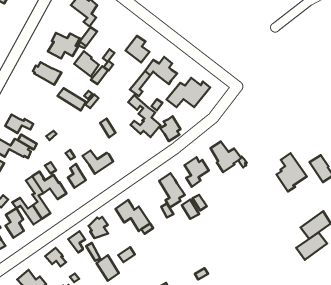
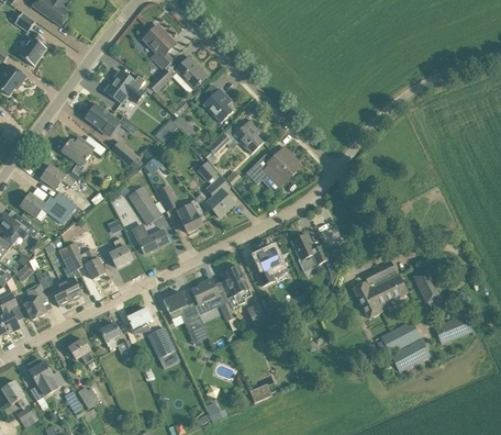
building: [74,51,99,77] -> [174,56,204,89]
building: none -> [60,136,104,166]
building: [160,116,180,141] -> [178,201,203,232]
building: none -> [127,186,160,224]
building: none -> [353,267,381,317]
building: none -> [191,278,219,313]
building: [296,232,327,260] -> [380,321,420,353]
building: [96,255,119,281] -> [147,326,174,358]

